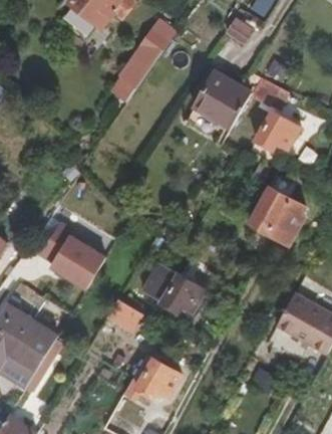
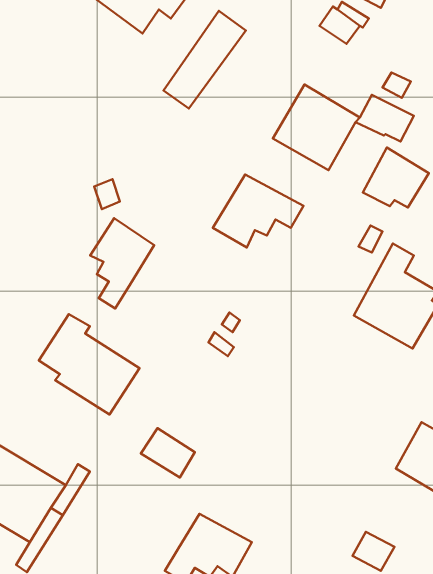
building: none -> [213,174,303,248]
building: none -> [90,218,154,309]
building: [141,263,205,313] -> none

